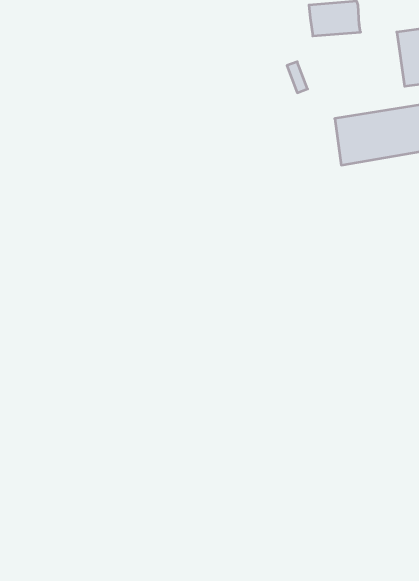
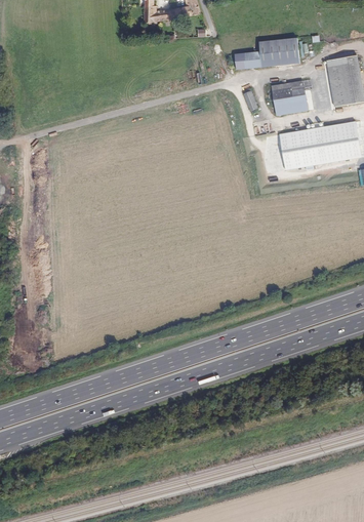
building: none -> [234,51,260,69]
building: none -> [270,80,306,115]

